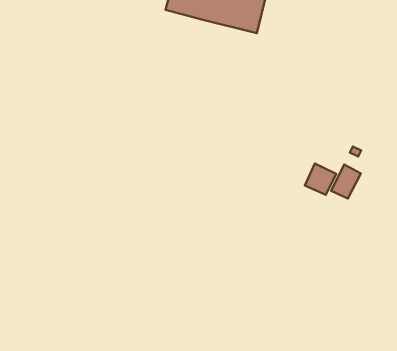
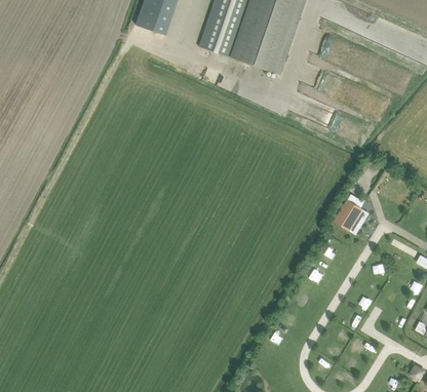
building: [305,164,336,195] -> none

